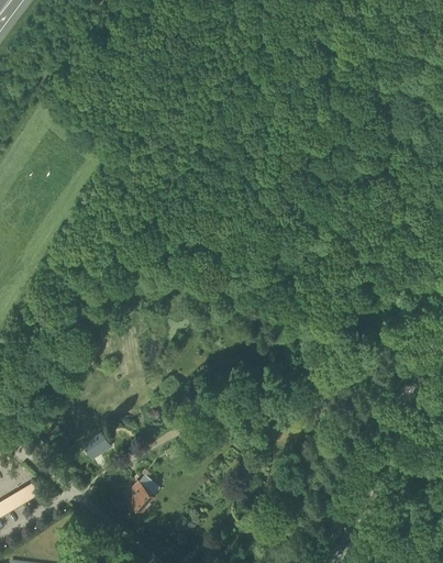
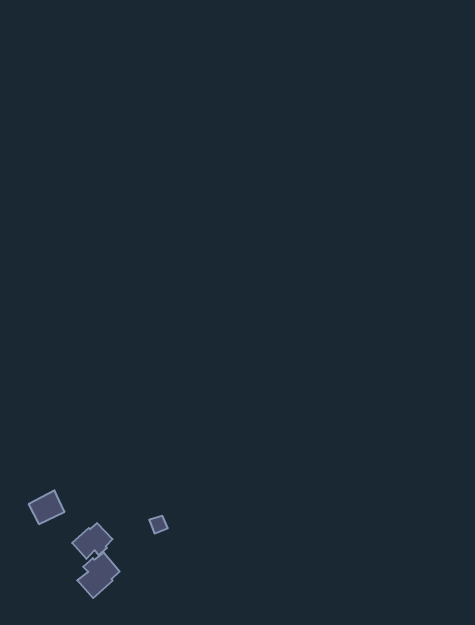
building: none -> [72,523,113,559]

